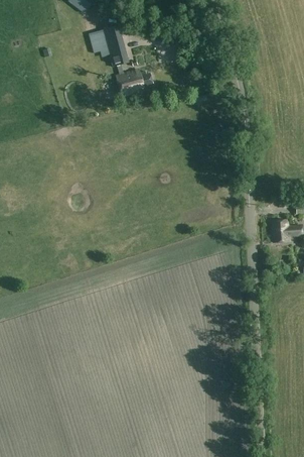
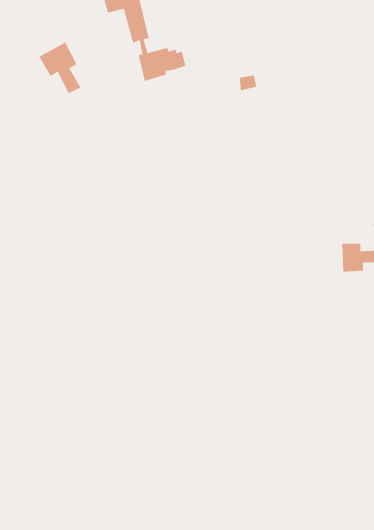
building: none -> [38,42,81,94]

